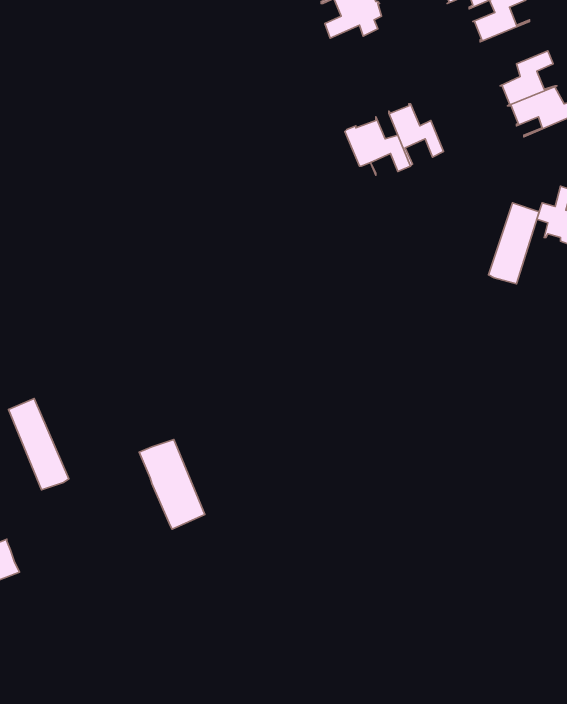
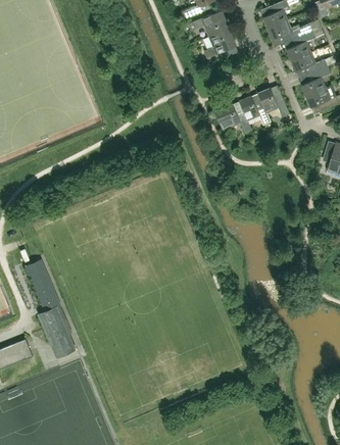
building: none -> [290,49,328,72]
building: none -> [257,85,290,121]
building: [488,203,539,284] -> none
building: [139,440,205,529] -> [38,306,75,356]

